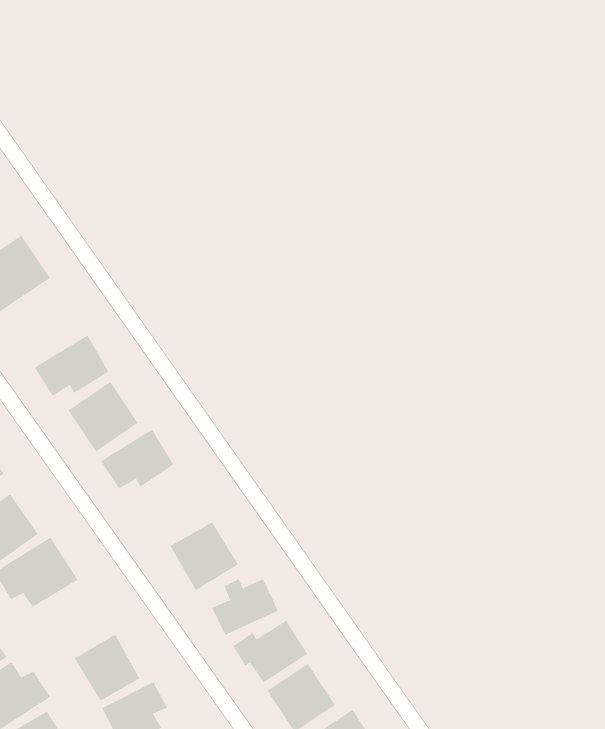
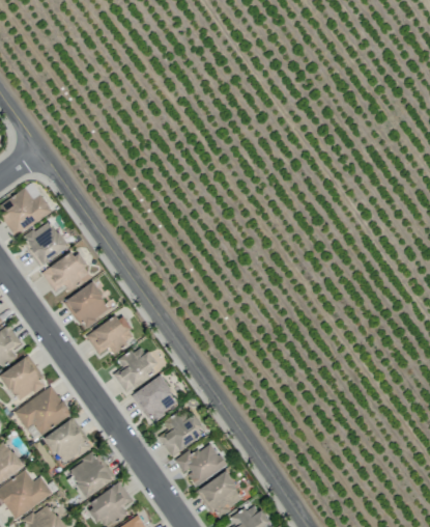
building: none -> [27,221,68,266]
building: none -> [113,345,159,392]
building: none -> [45,420,89,466]

